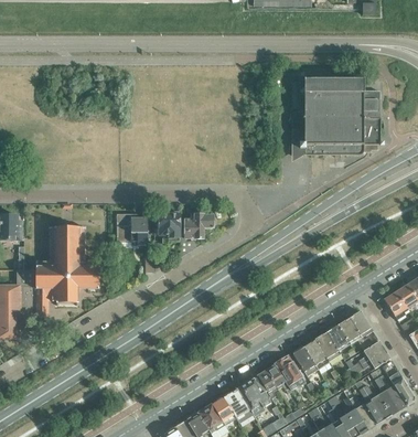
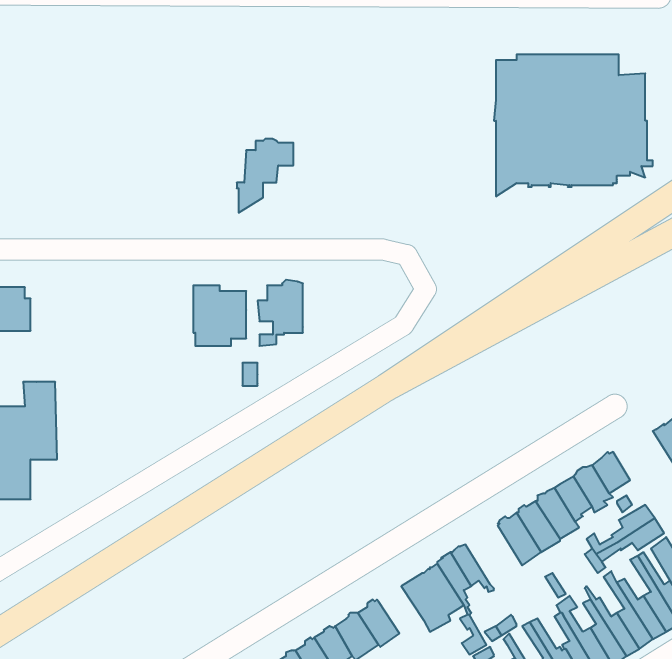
building: [180,212,213,255] -> [237,139,293,213]
building: [35,225,100,317] -> none
building: [275,358,306,390] -> none
building: [224,388,250,422] -> none

